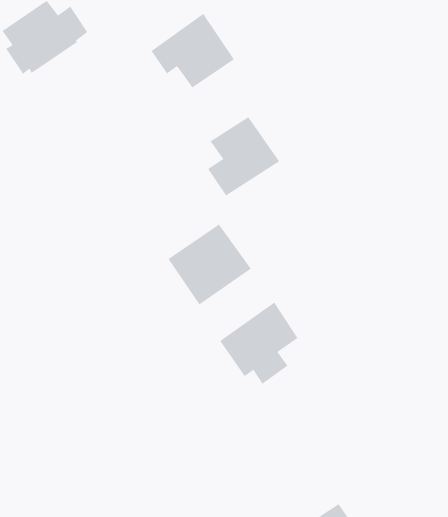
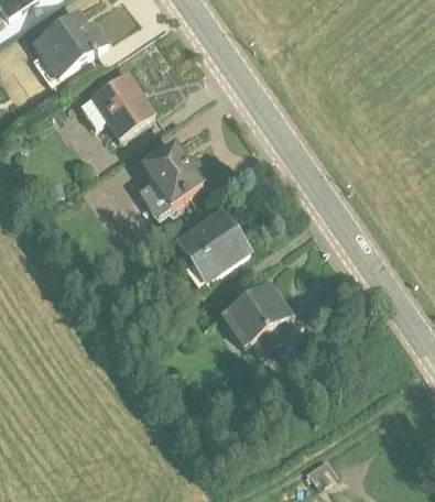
building: [151,13,235,89] -> [81,73,155,139]
building: [207,116,280,197] -> [139,143,203,214]

